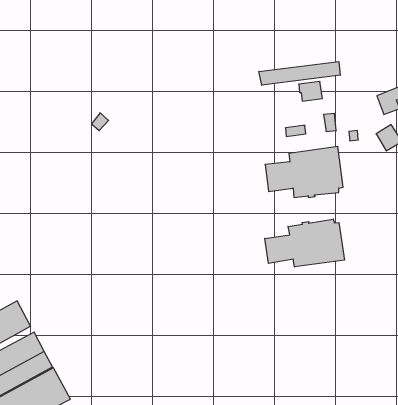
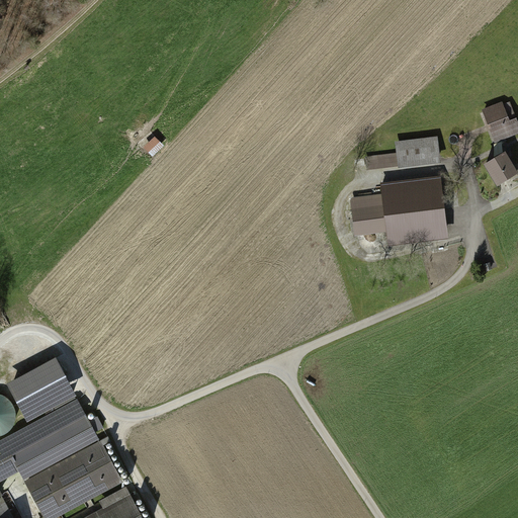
building: [259,62,340,85] -> none
building: [299,82,322,101] -> [396,140,424,163]
building: [265,219,344,267] -> none

